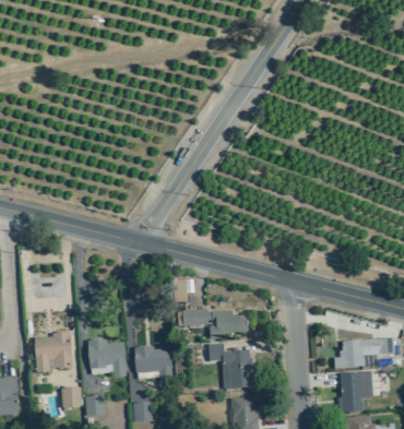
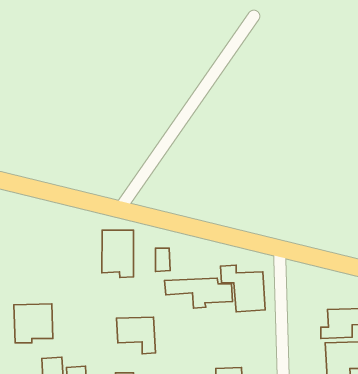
building: none -> [102,230,134,277]
building: [88,341,126,378] -> none
building: [209,344,252,390] -> [220,265,265,312]

